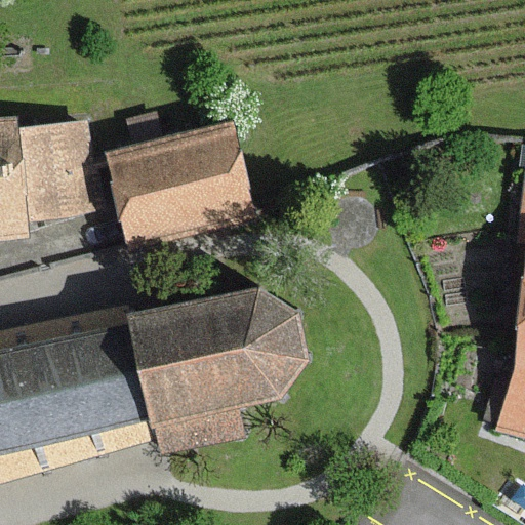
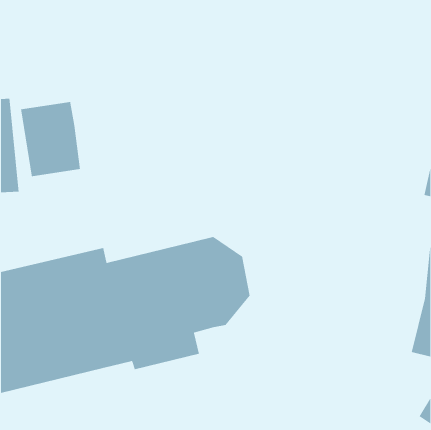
building: [112,126,248,242] -> none

